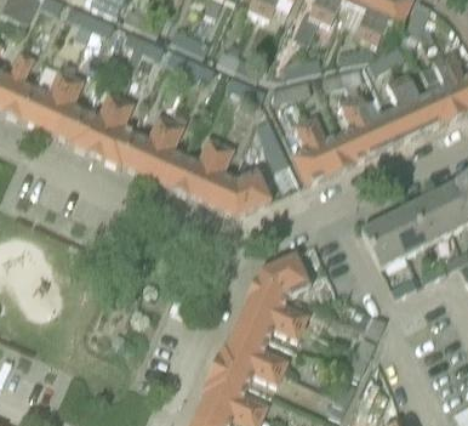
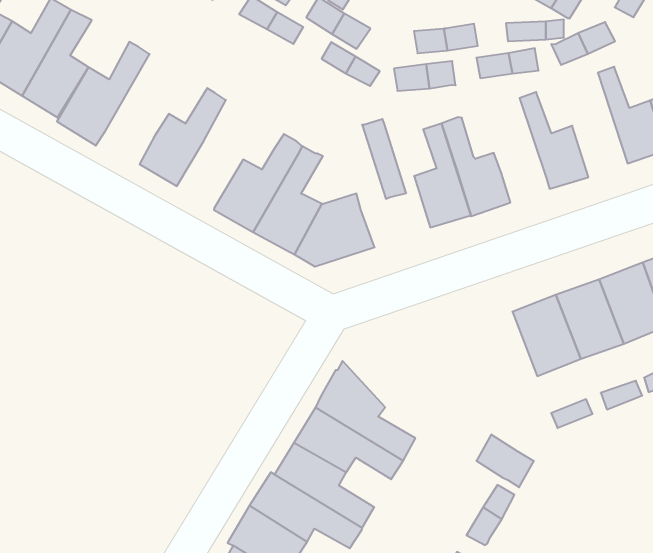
building: [384,78,421,142] -> none
building: [338,95,375,163] -> none
building: [95,96,137,166] -> none
building: [147,119,186,186] -> none
building: [259,252,310,296] -> none

